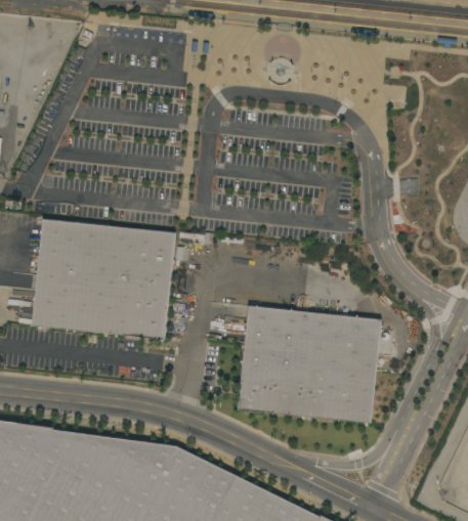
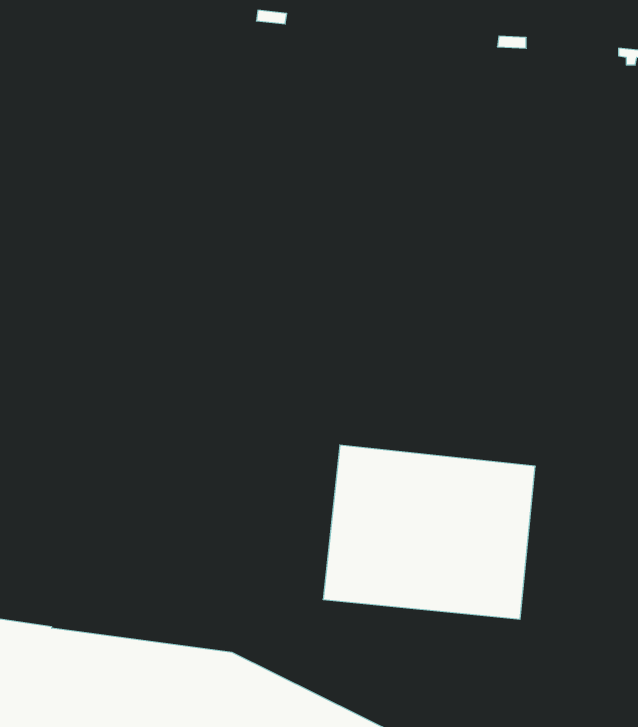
building: [31,219,174,339] -> none

